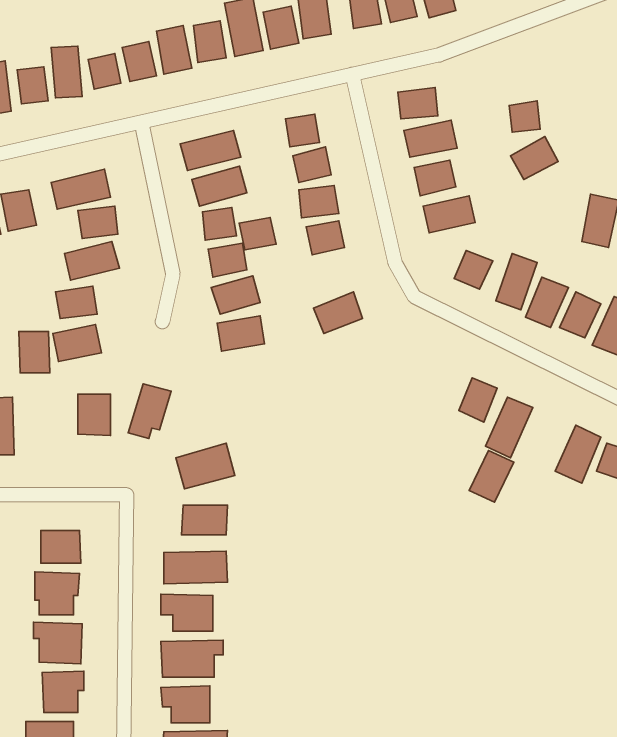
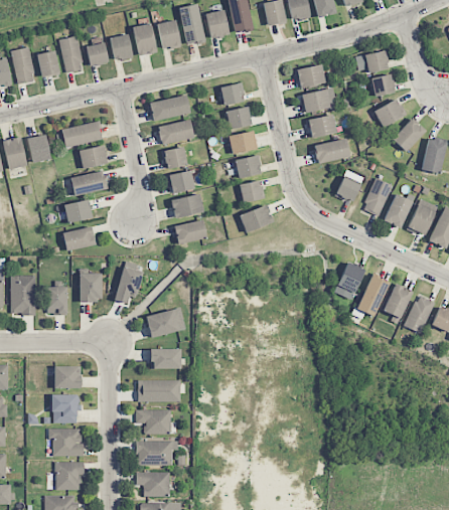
building: none -> [355,50,389,74]
building: none -> [392,119,426,152]
building: [239,217,276,250] -> [240,180,265,202]
building: [19,331,50,373] -> [46,287,67,315]
building: [469,450,514,502] -> [383,285,413,320]

